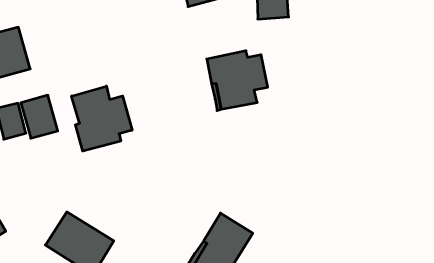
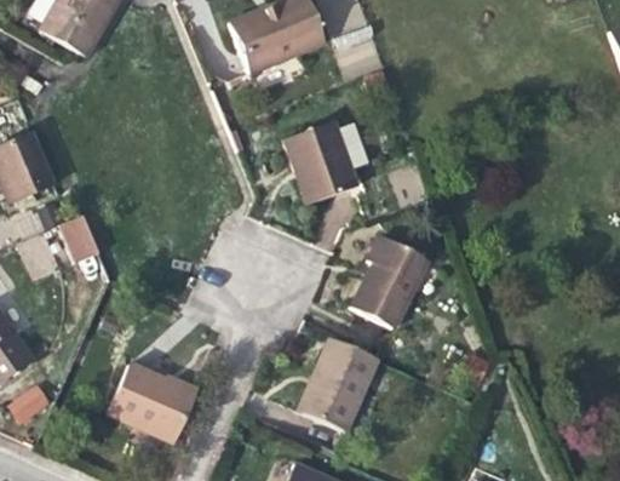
building: [72,86,132,151] -> none
building: none -> [351,235,429,328]

